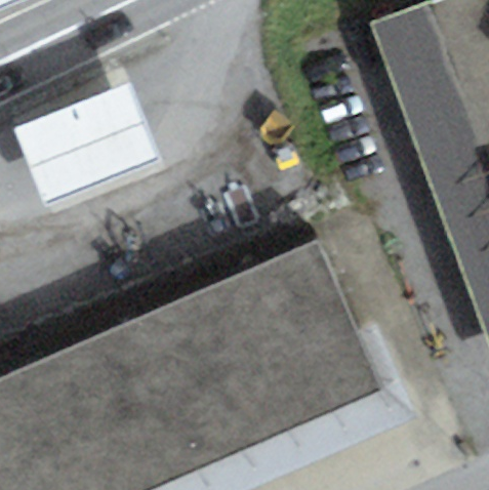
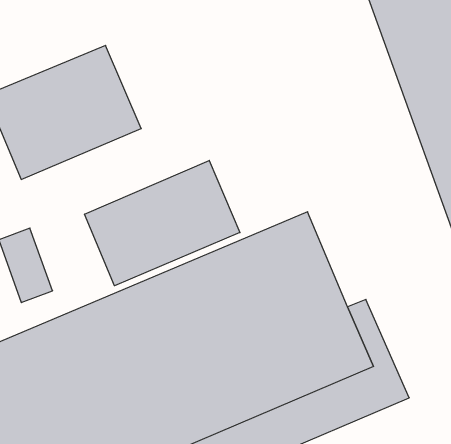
building: none -> [85,160,240,286]

